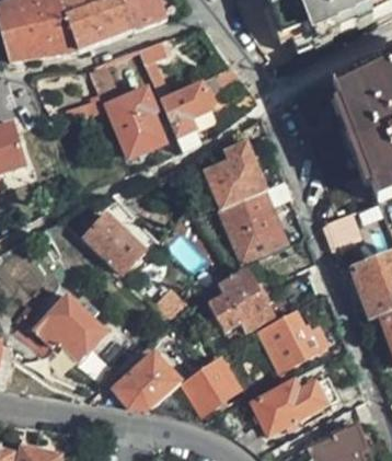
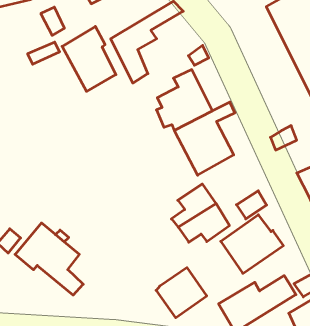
building: [84,214,145,275] -> none
building: [113,354,180,407] -> none

